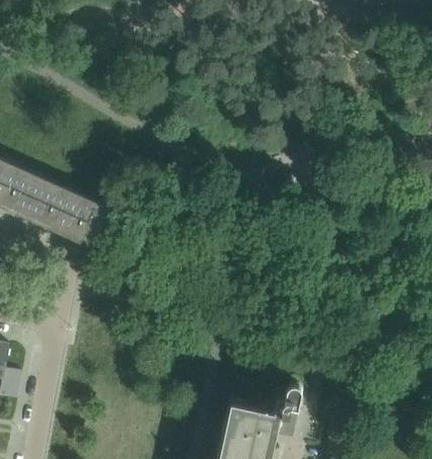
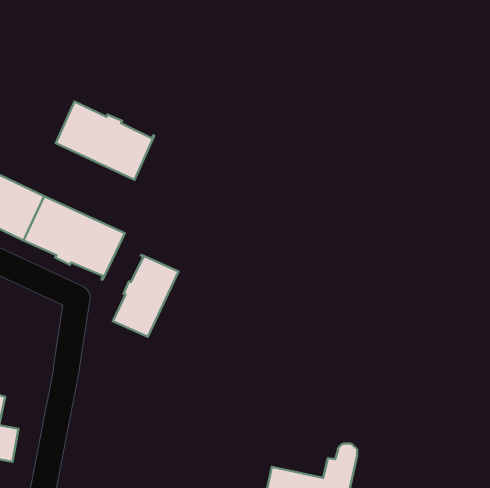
building: none -> [56,102,154,180]
building: none -> [113,255,178,337]

